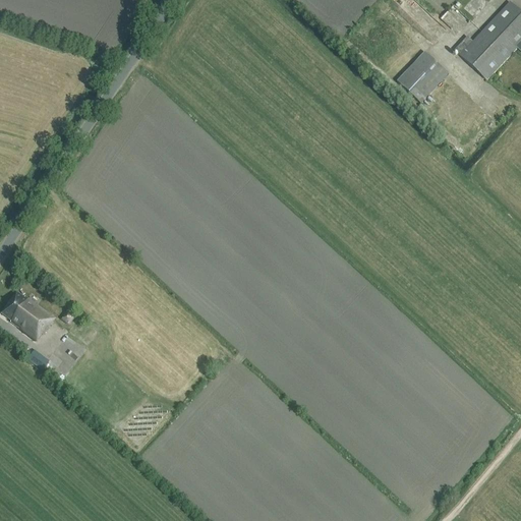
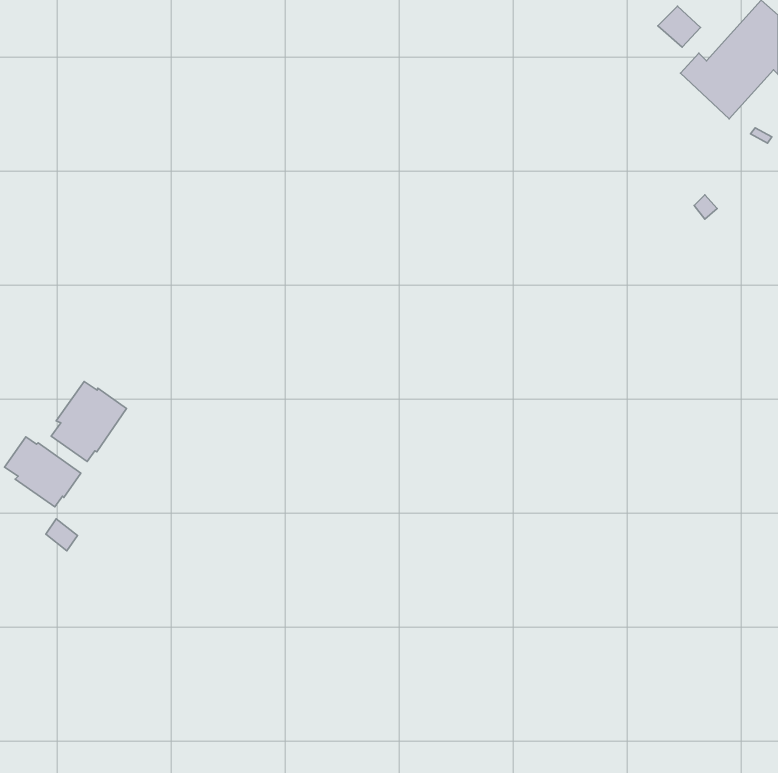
building: [397,51,449,103] -> none
building: none -> [51,381,127,462]

